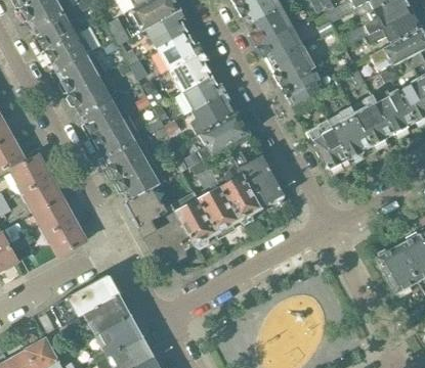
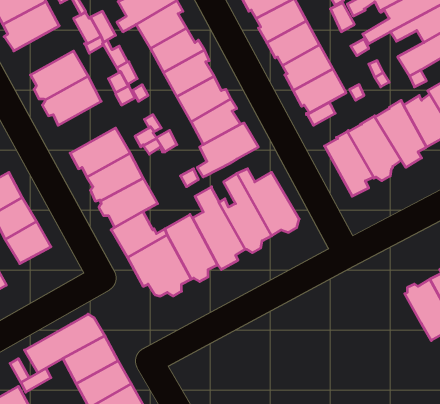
building: [41,30,92,72] -> none
building: [79,94,128,138] -> none
building: [46,218,84,254] -> none

